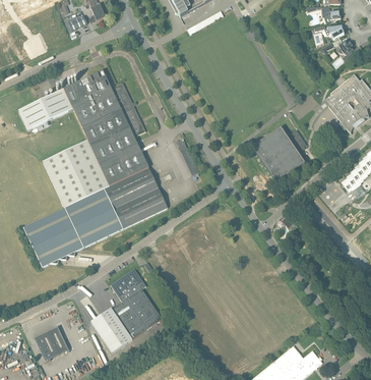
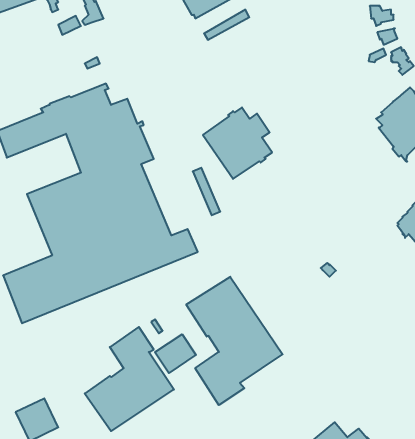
building: [251,123,307,181] -> [203,107,272,179]
building: none -> [186,277,283,405]
building: none -> [155,334,196,373]

